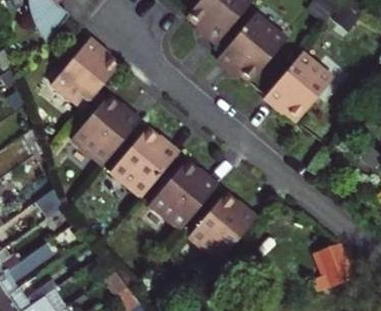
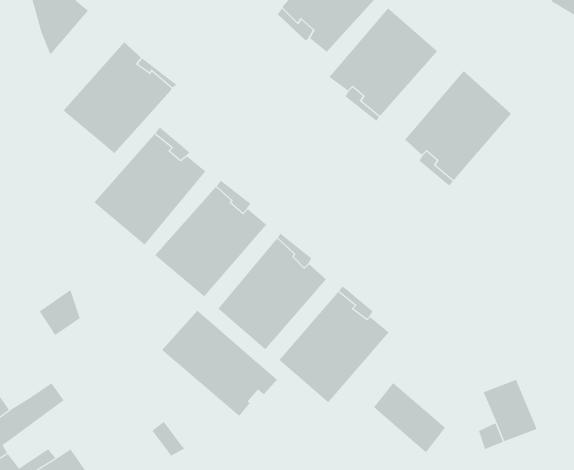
building: none -> [161,310,278,417]
building: none -> [373,382,446,453]

